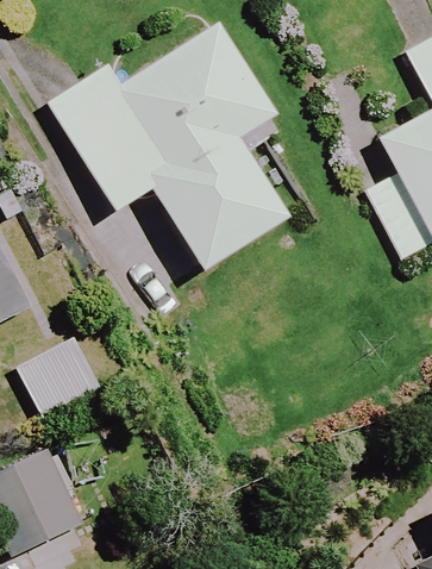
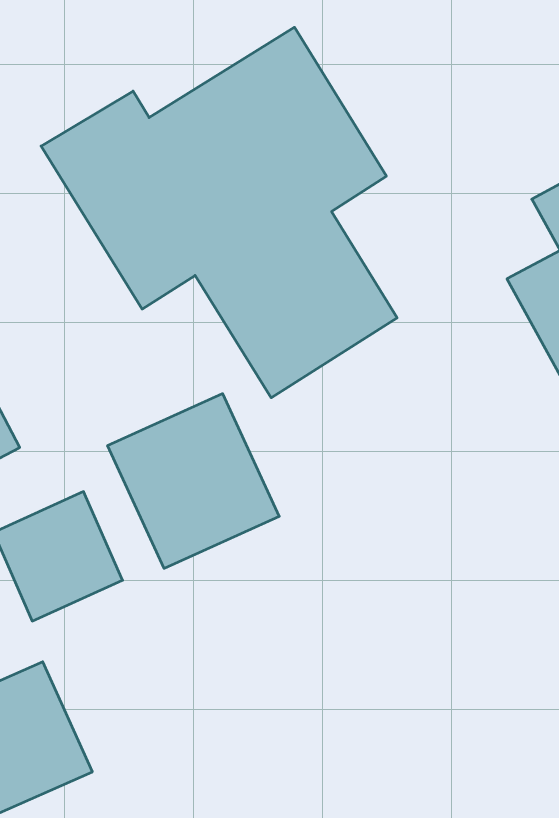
building: none -> [108,394,279,568]

